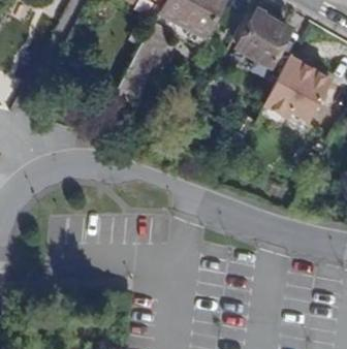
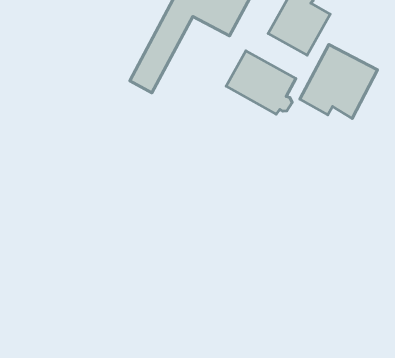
building: none -> [226,51,296,114]

